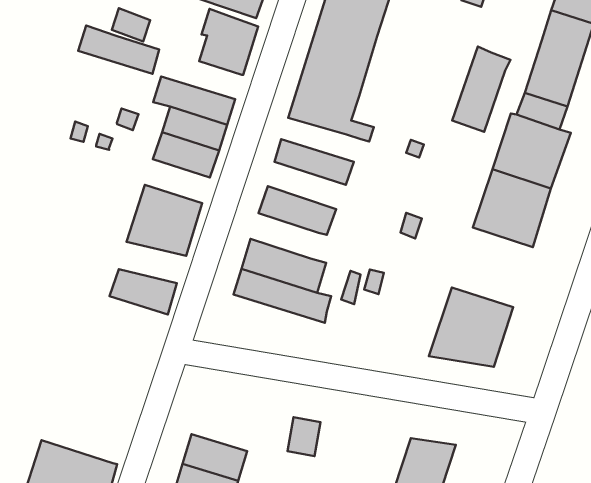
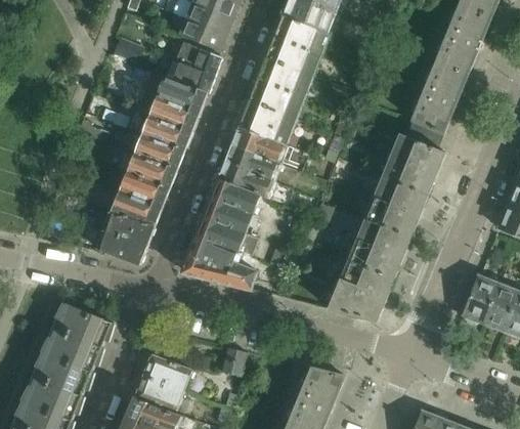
building: [78,25,159,74] -> [146,71,206,110]
building: [452,47,510,132] -> none
building: none -> [231,126,290,162]
building: none -> [129,149,177,184]
building: none -> [219,158,276,196]
building: none -> [204,195,254,230]
building: none -> [349,216,410,276]
building: none -> [105,209,156,242]
building: none -> [183,253,254,289]
building: none -> [40,301,114,371]

